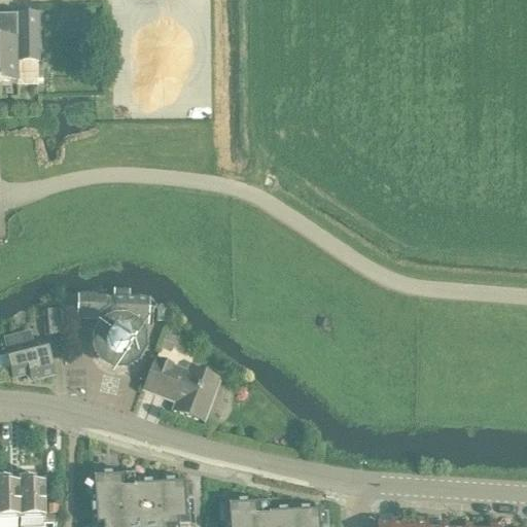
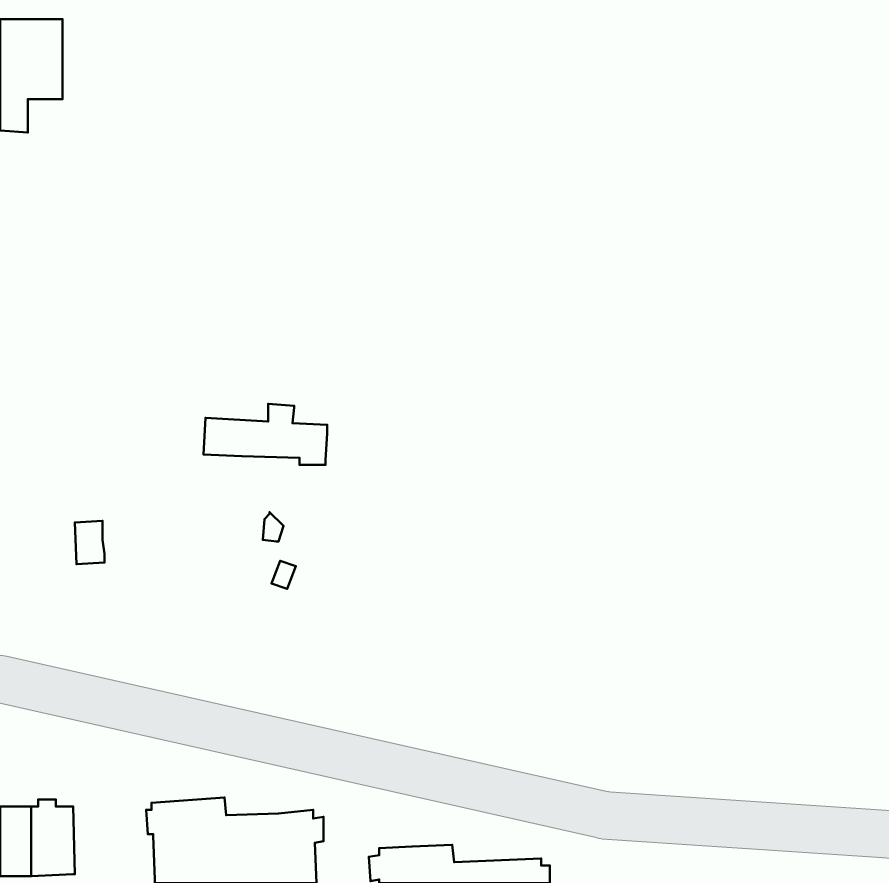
building: [75,286,148,322] -> [204,404,327,465]
building: [103,324,135,357] -> none
building: [4,331,54,379] -> none
building: [143,358,218,419] -> none

